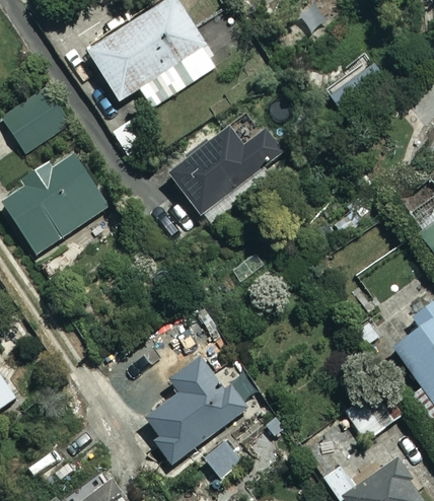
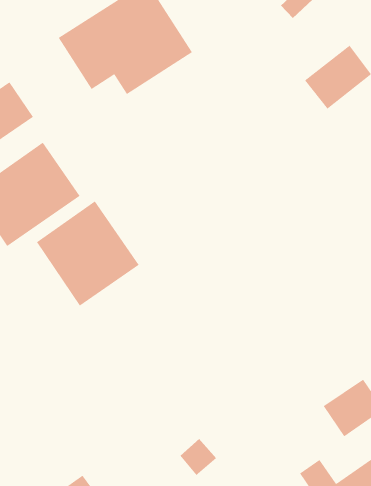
building: [168,113,274,213] -> none
building: none -> [36,201,140,306]
building: [146,358,248,464] -> none

